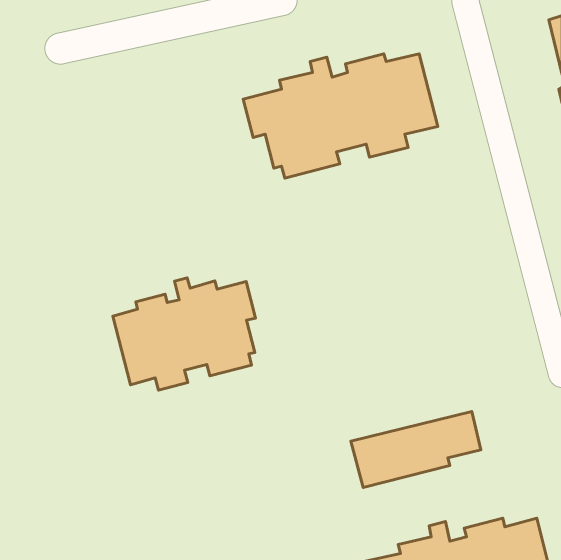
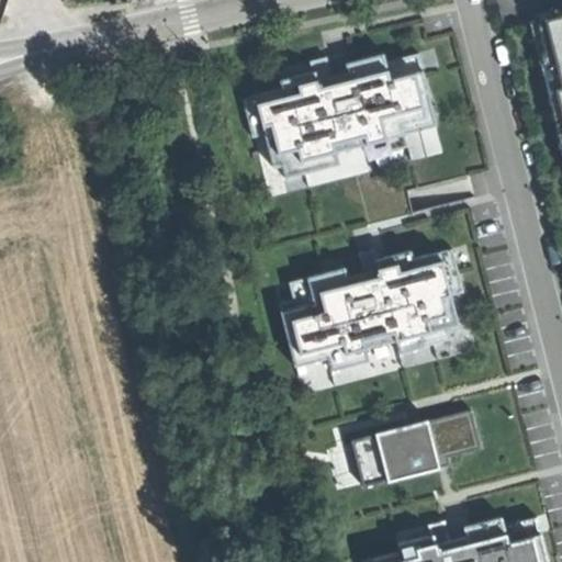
building: none -> [280,251,464,373]
building: [113,278,256,390] -> none

